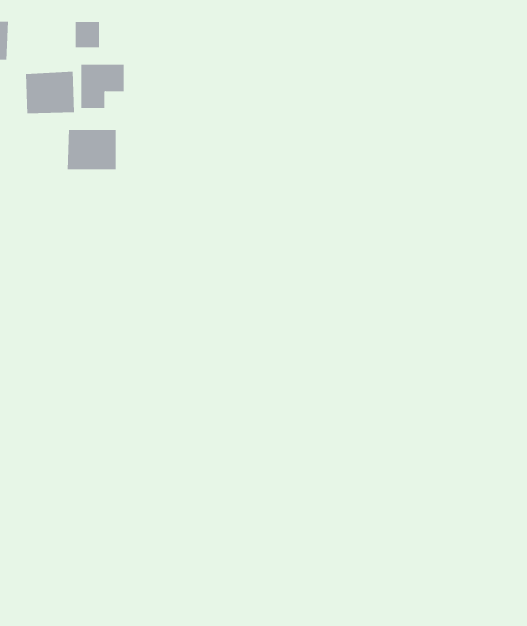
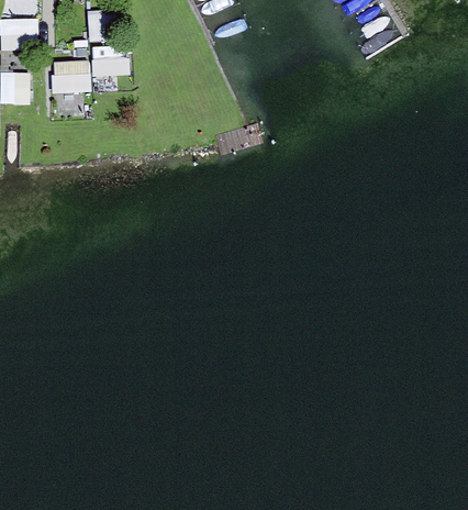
building: [67,129,116,170] -> none

